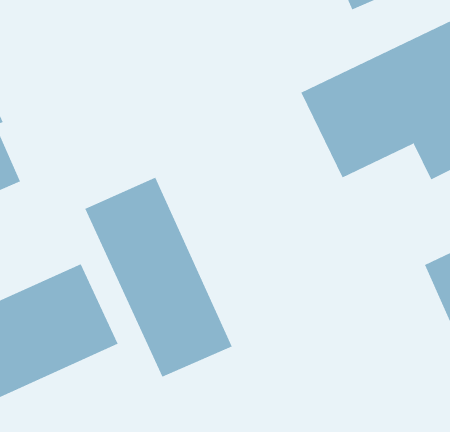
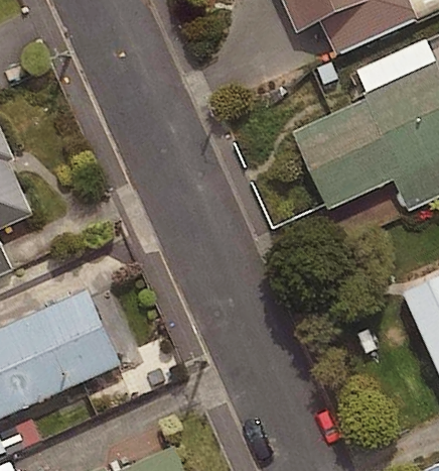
building: [85,177,233,378] -> none

